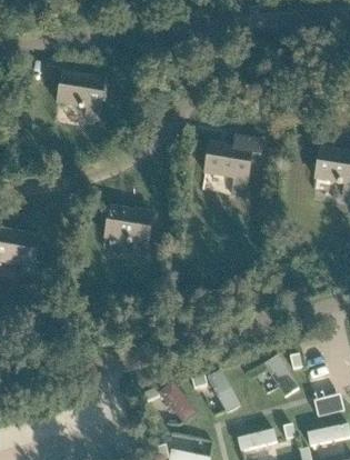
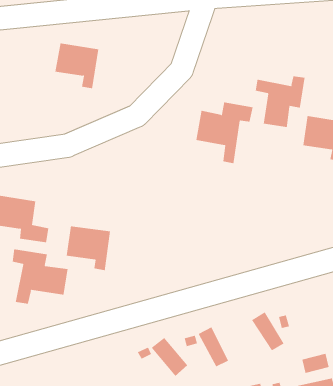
building: none -> [255,76,305,128]
building: [104,209,151,256] -> [66,226,111,271]
building: none -> [12,248,68,305]

